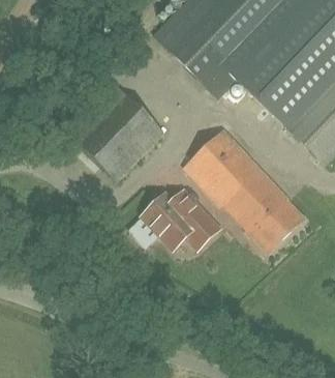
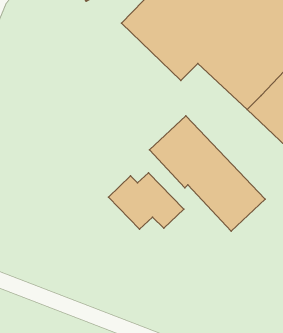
building: [63,79,164,181] -> none

